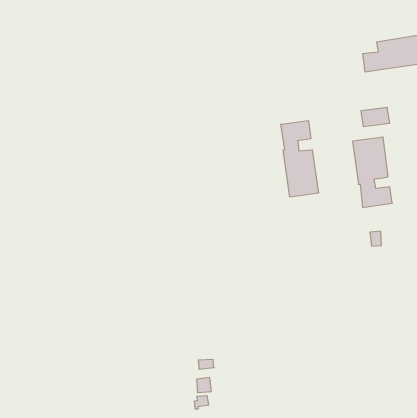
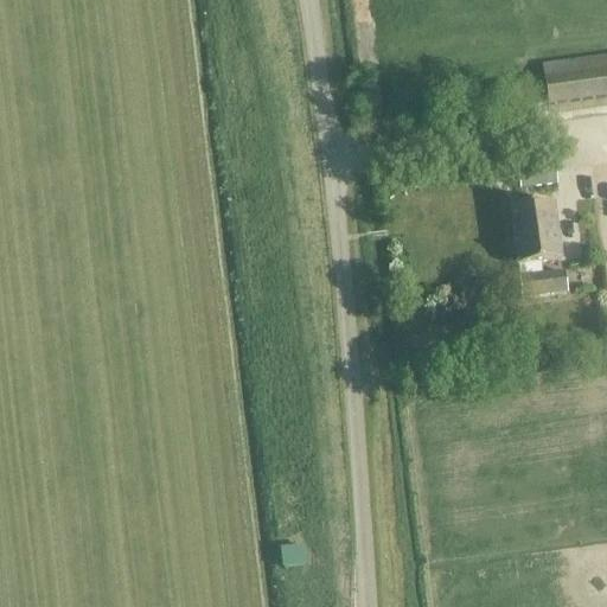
building: [281,121,318,197] -> none

